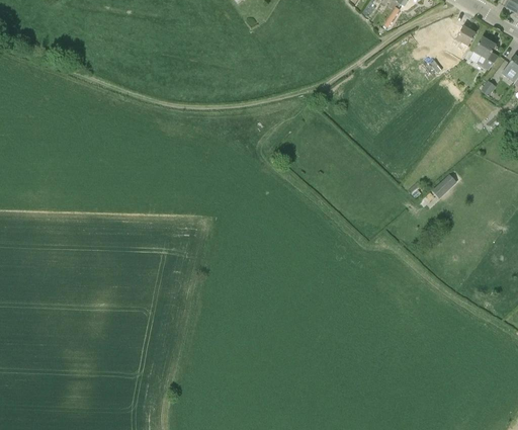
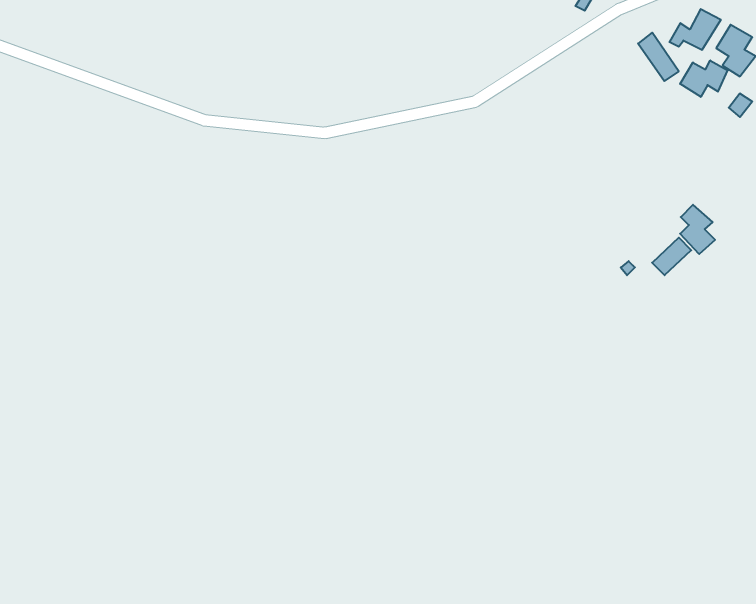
building: none -> [680,60,727,97]
building: none -> [680,205,715,254]

